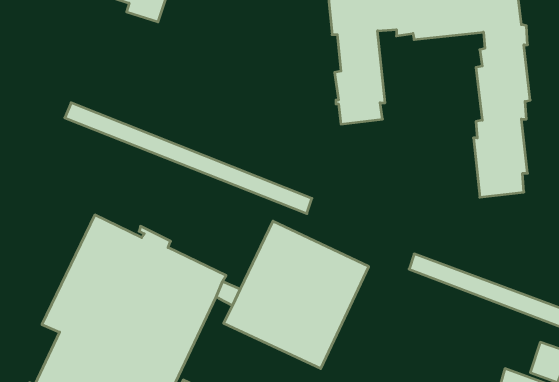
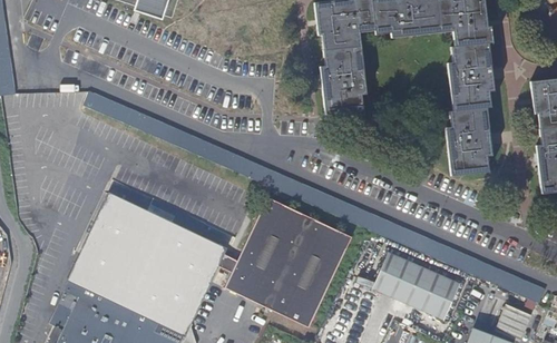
building: none -> [374,254,460,320]

